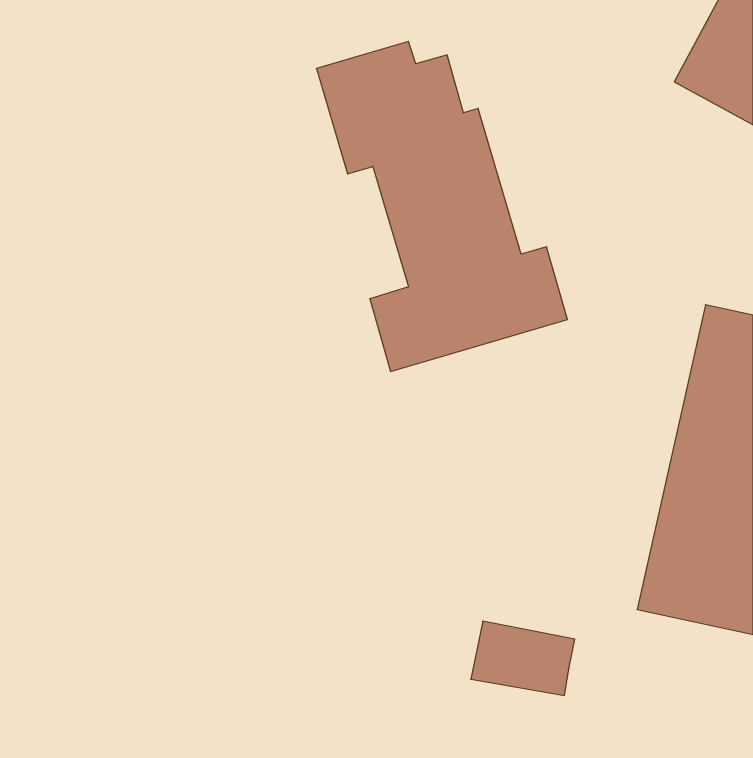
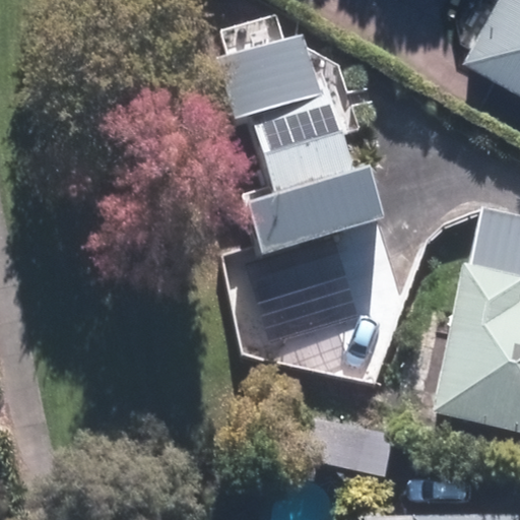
building: none -> [263,249,356,345]

